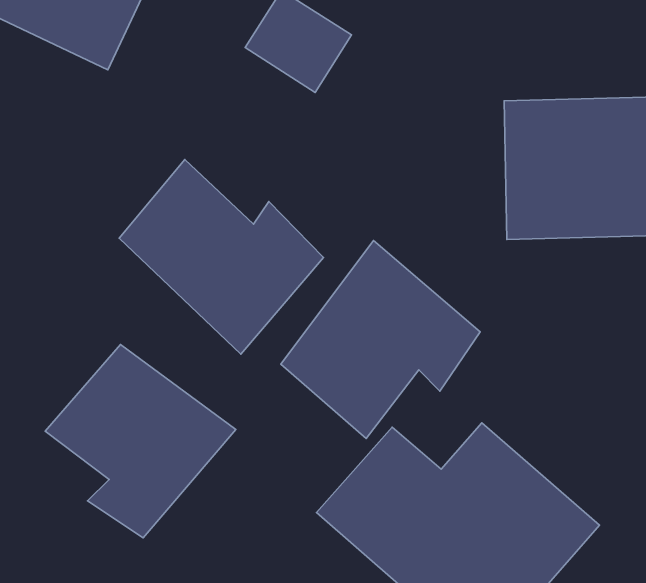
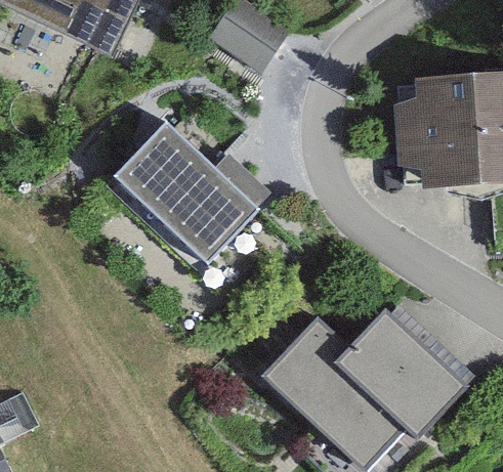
building: [281,240,480,438] -> none
building: [45,344,236,538] -> none

